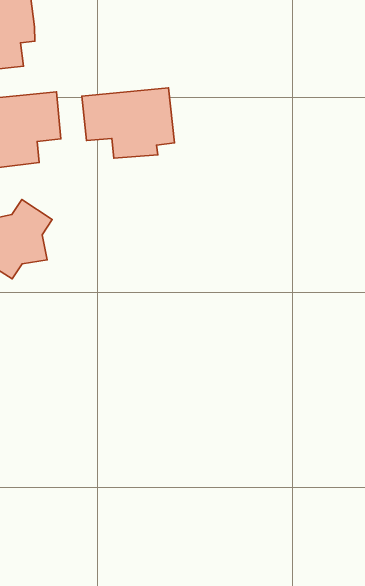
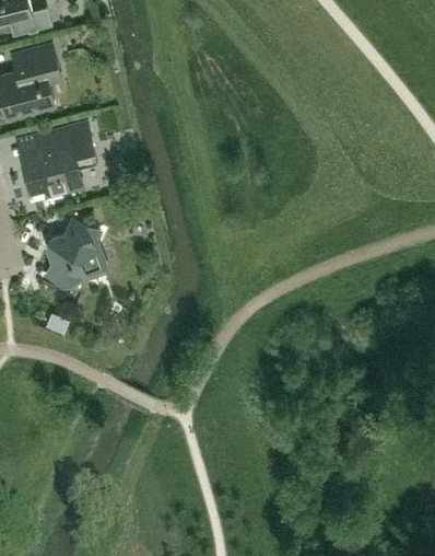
building: [82,88,175,158] -> none

